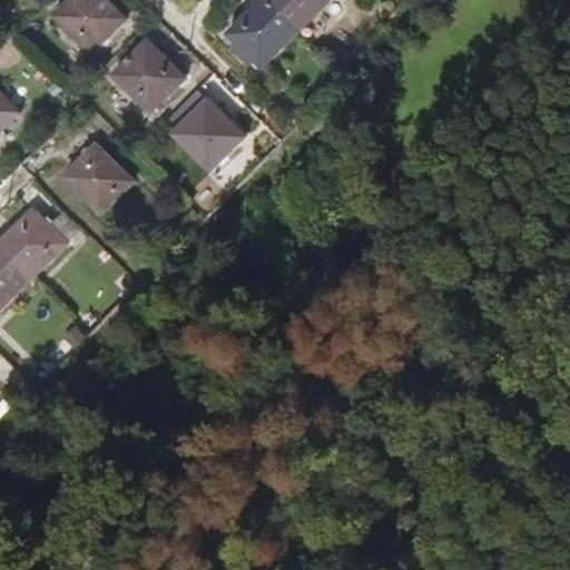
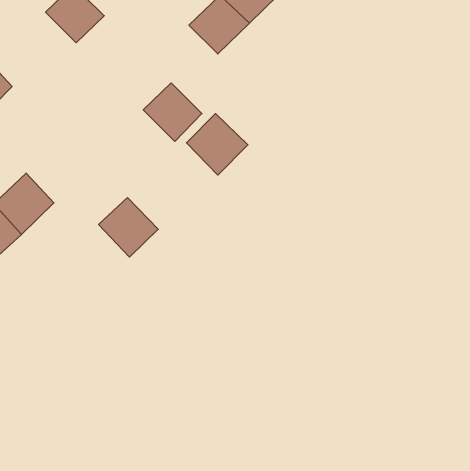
building: [114,41,183,111] -> none
building: none -> [186,114,248,175]
building: [61,146,132,217] -> [99,198,158,257]

